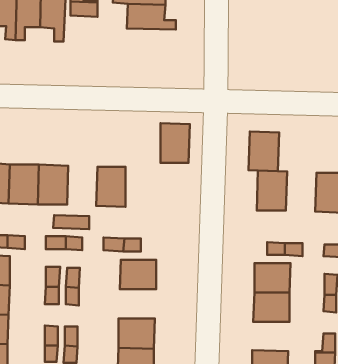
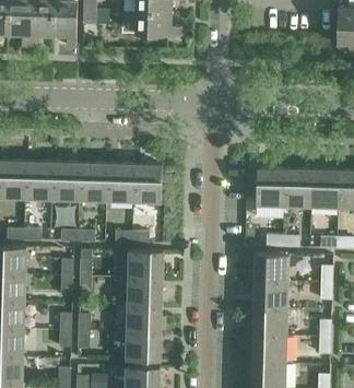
building: [160,123,190,163] -> [134,165,162,202]
building: [249,131,279,171] -> [284,169,312,207]
building: none -> [80,164,108,201]
building: none -> [128,279,163,306]
building: none -> [252,309,287,337]

